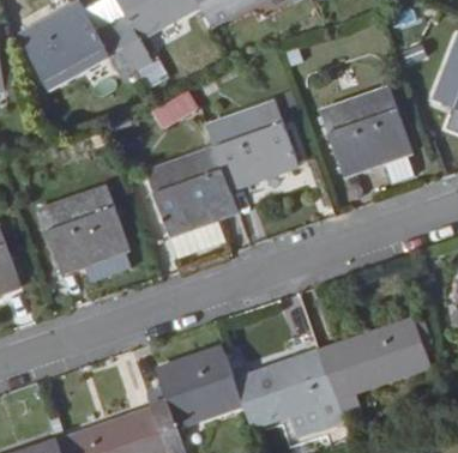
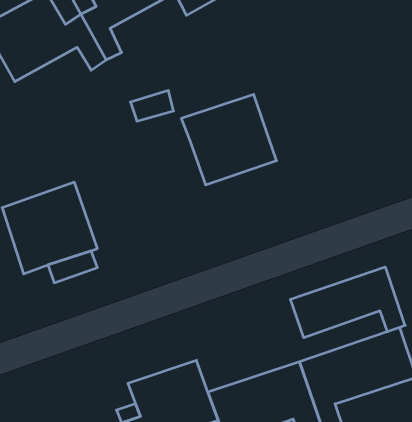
building: [318,85,409,173] -> none
building: [145,145,236,232] -> none
building: none -> [290,267,405,338]

